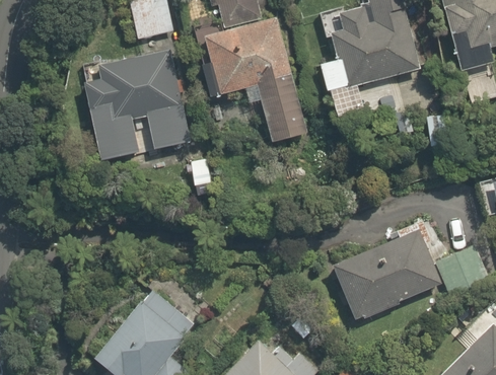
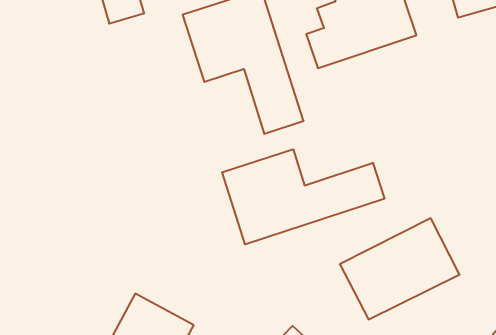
building: [79,47,193,165] -> none
building: none -> [222,149,384,244]

